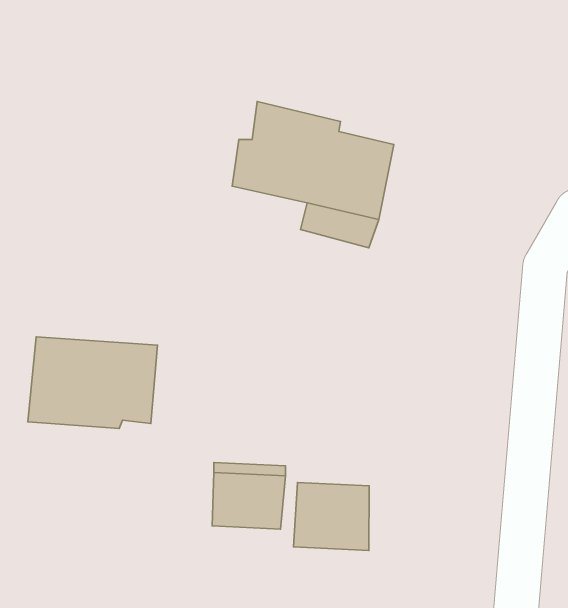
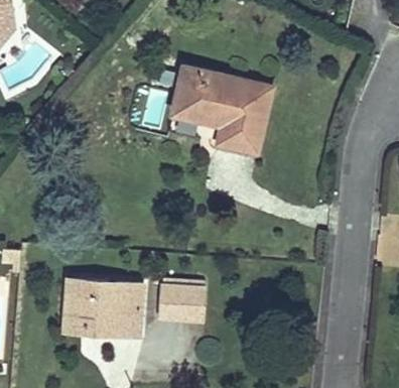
building: [28,337,158,428] -> [61,280,140,336]
building: [294,483,369,550] -> none

